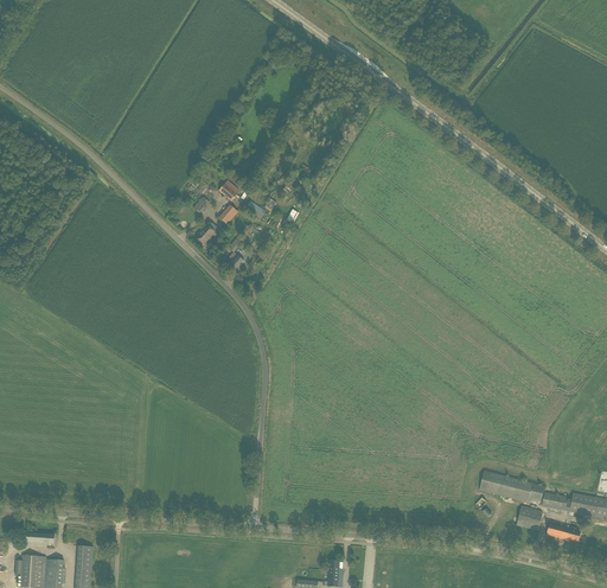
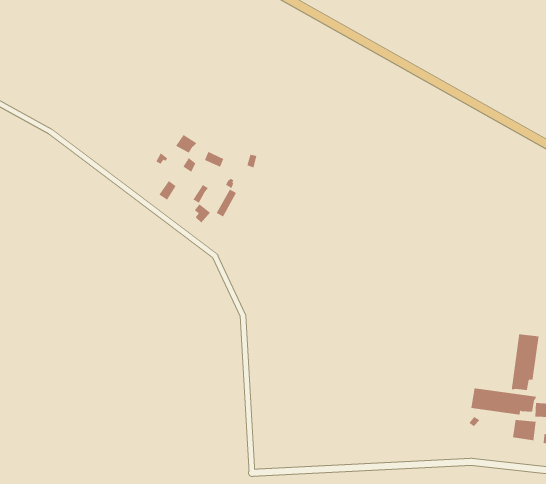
building: none -> [511,333,539,391]

